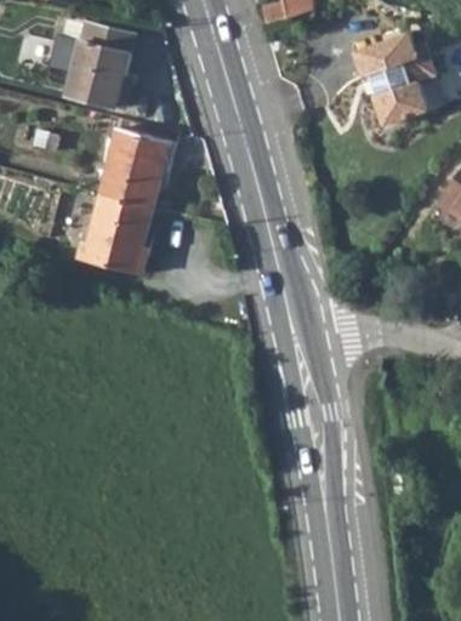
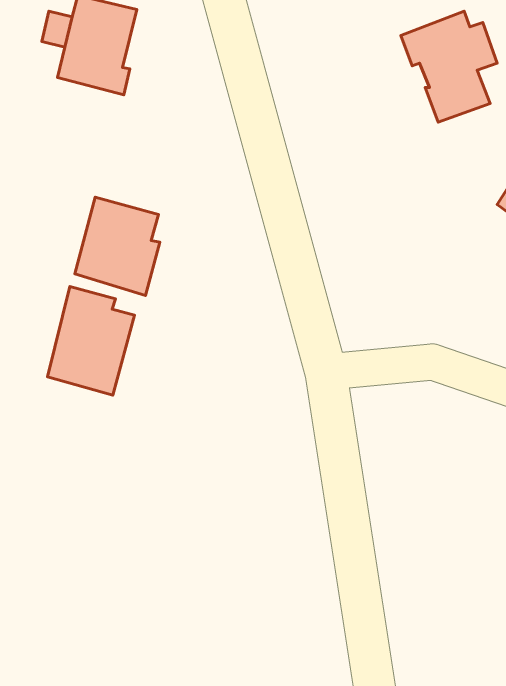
building: [97,129,173,207] -> none
building: none -> [47,286,134,395]

